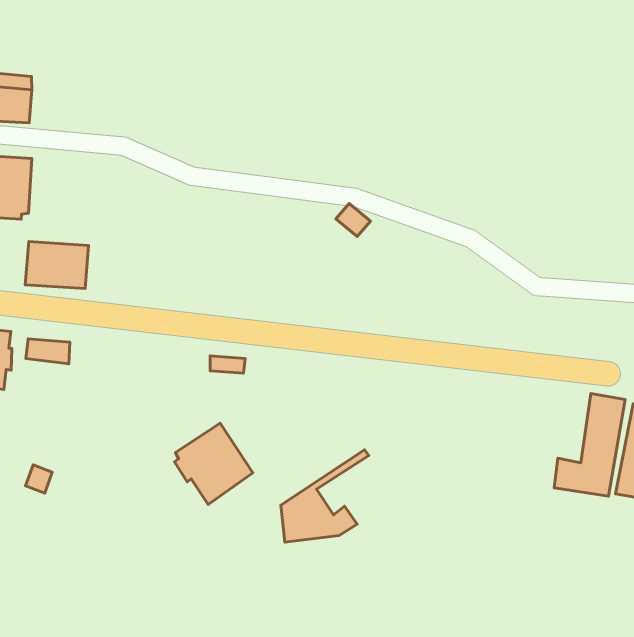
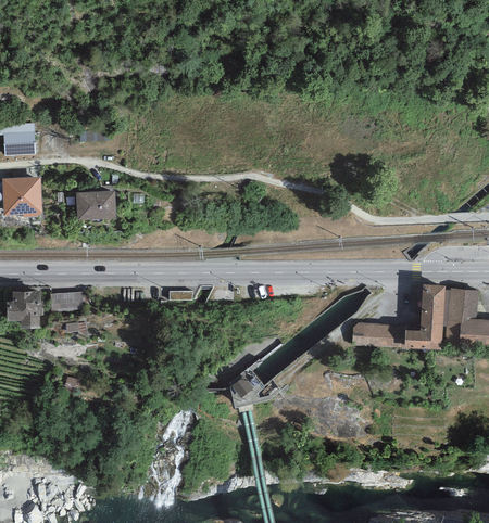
building: [25,242,89,289] -> [75,190,115,220]
building: [175,423,253,504] -> none
building: none -> [352,321,406,348]

